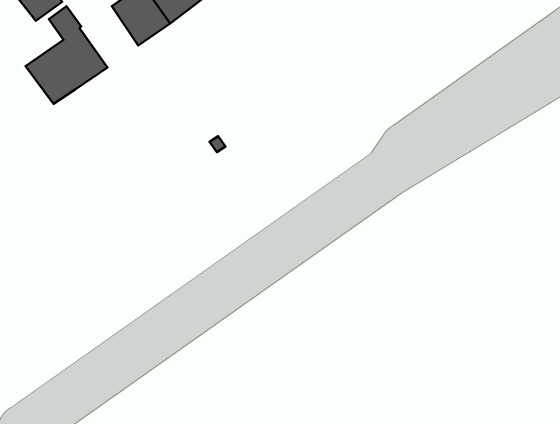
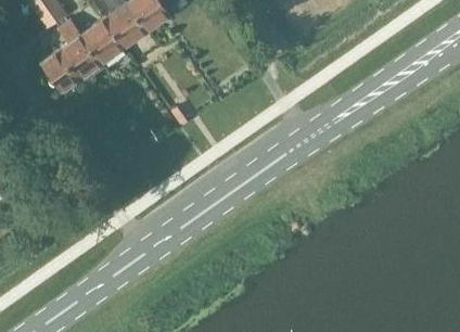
building: none -> [80,20,124,65]

